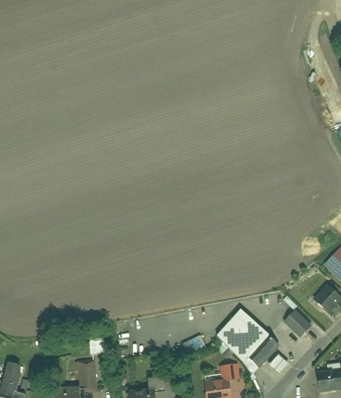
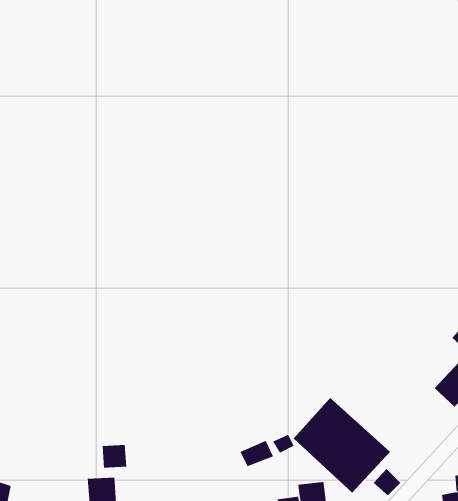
building: [283,308,312,337] -> none

